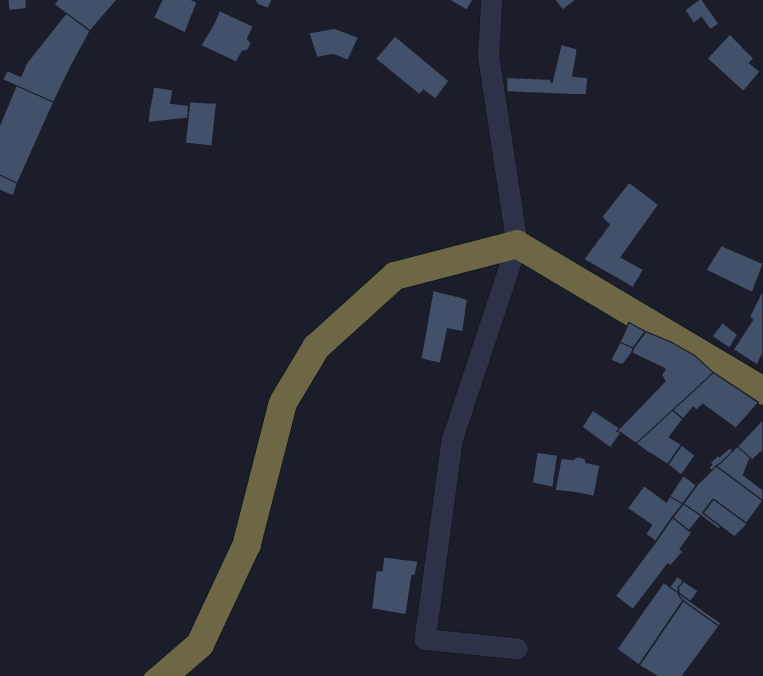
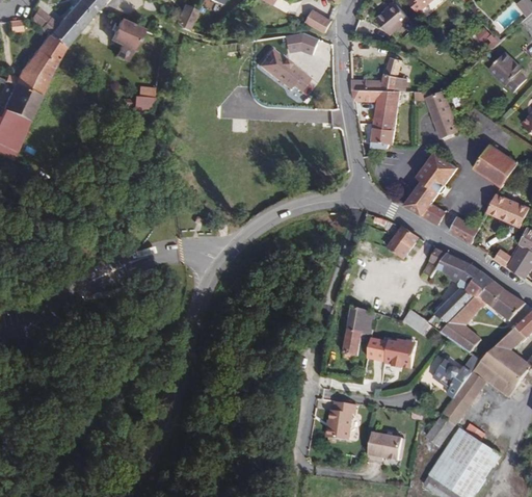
building: [201,10,253,62] -> none
building: [309,29,359,60] -> [283,32,317,54]
building: [148,87,189,123] -> none
building: none -> [351,88,400,148]
building: none -> [416,89,458,137]
building: none -> [472,142,517,188]
building: none -> [449,215,479,242]
building: [421,291,468,363] -> [343,306,375,356]
building: none -> [388,227,418,259]
building: [371,557,418,614] -> [326,400,358,440]
building: none -> [367,433,401,460]

